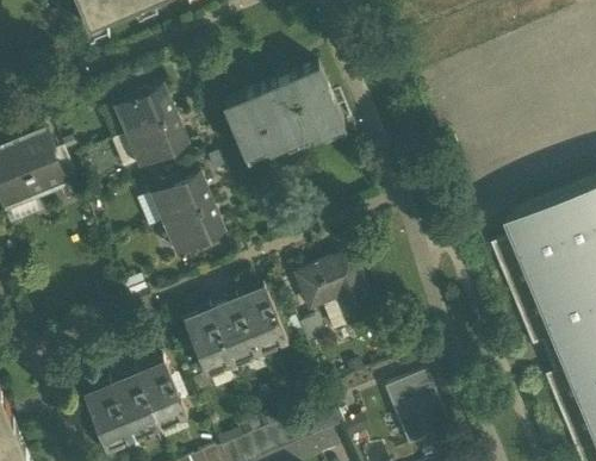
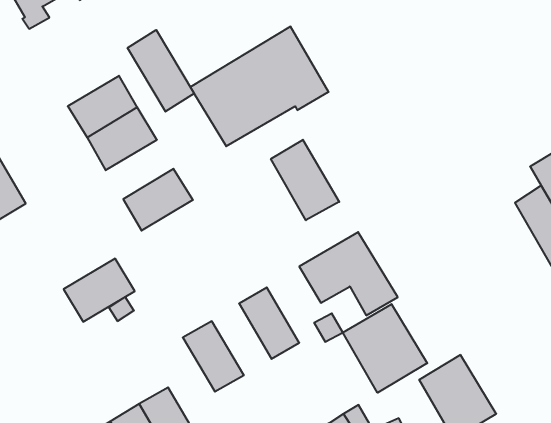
building: none -> [128,30,194,112]
building: none -> [271,140,339,220]
building: [162,201,224,253] -> [64,259,135,322]
building: [212,298,260,361] -> none
building: none -> [343,304,427,393]

